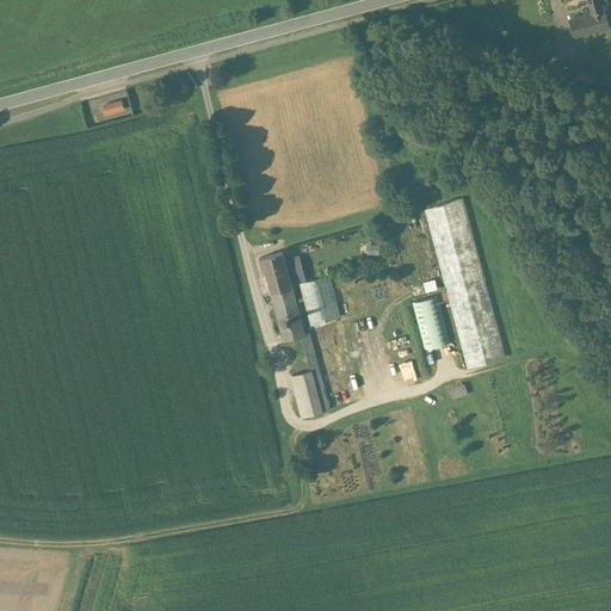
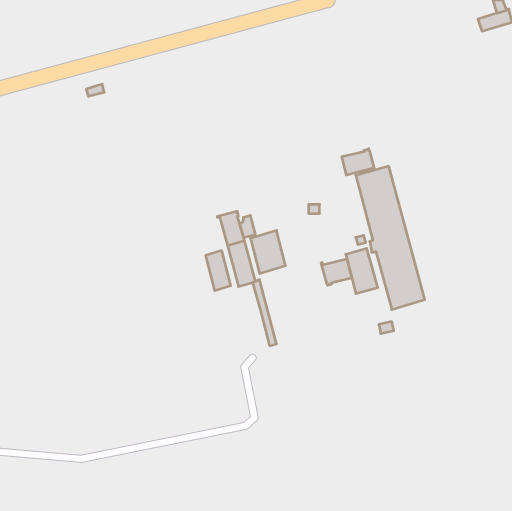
building: none -> [342,149,375,175]
building: none -> [321,259,352,285]
building: [291,371,321,419] -> [206,251,231,291]

